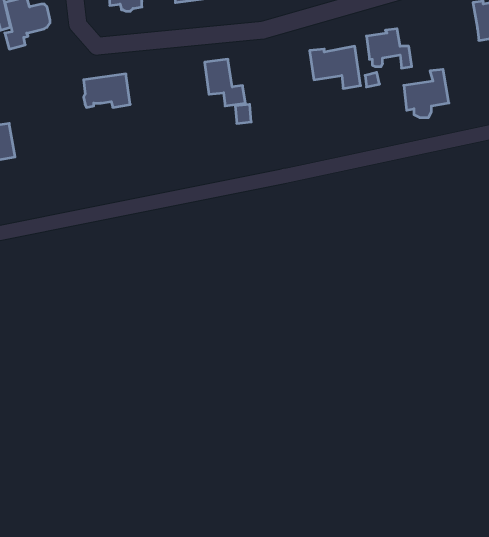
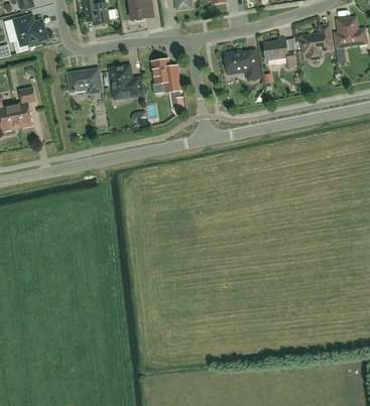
building: none -> [109,64,141,98]
building: [404,69,449,118] -> [300,25,332,58]
building: none -> [16,87,36,127]

